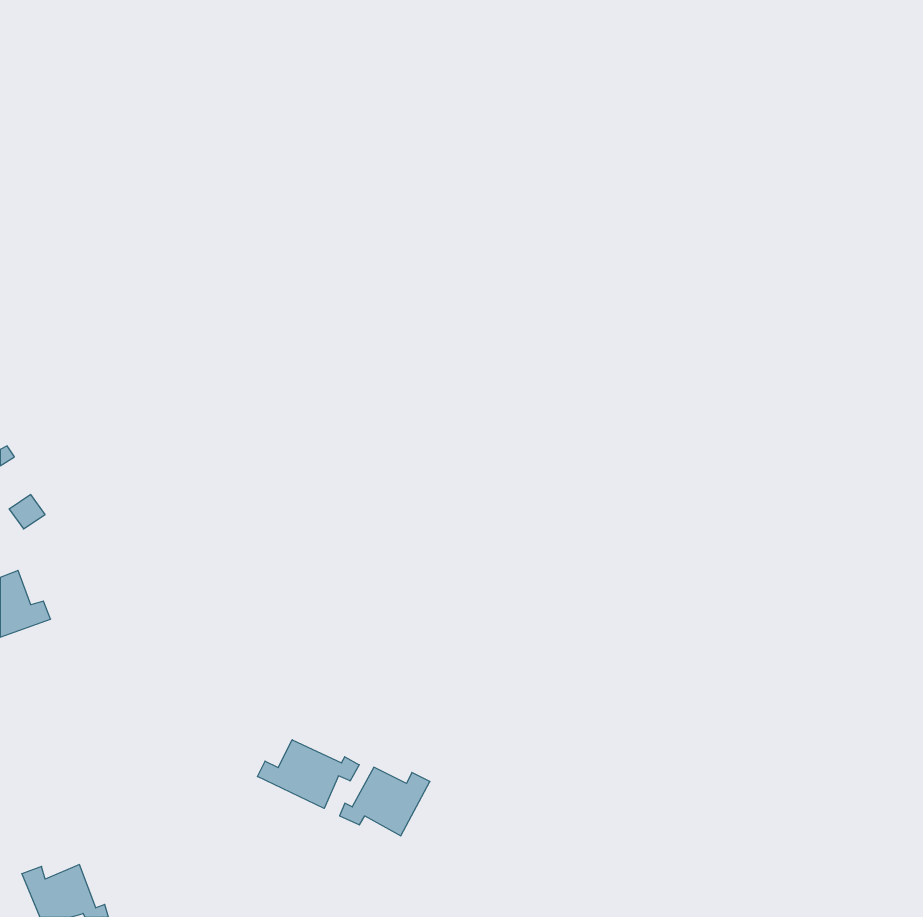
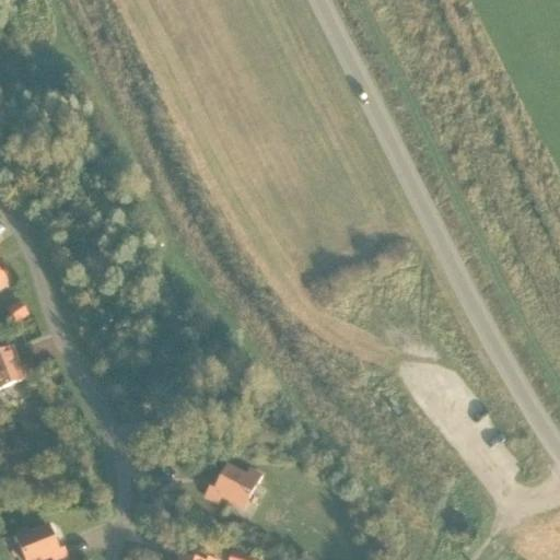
building: [257,740,359,808] -> none

